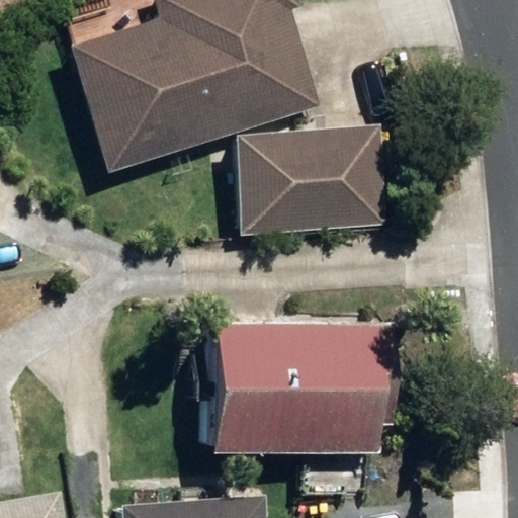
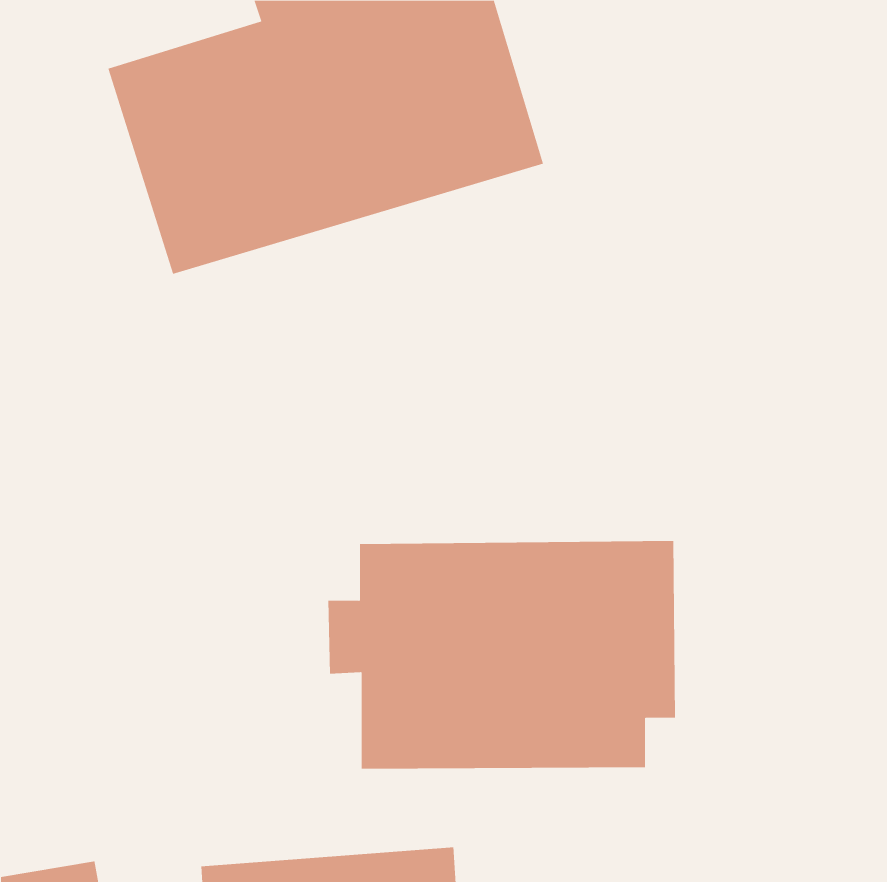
building: [237,124,391,233] -> none

